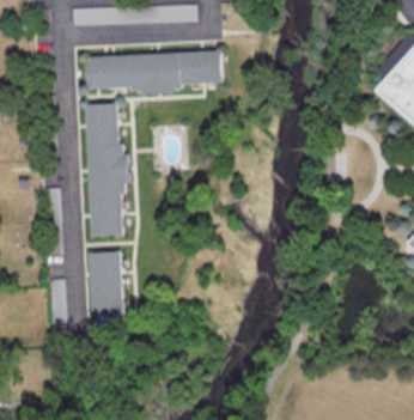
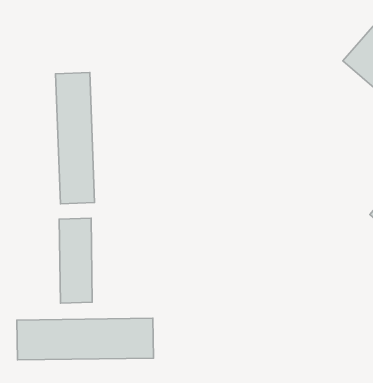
building: [83,49,224,90] -> none
building: none -> [17,318,153,360]

